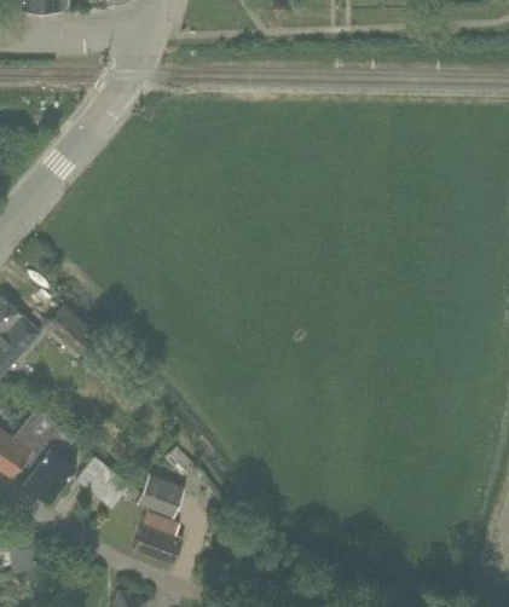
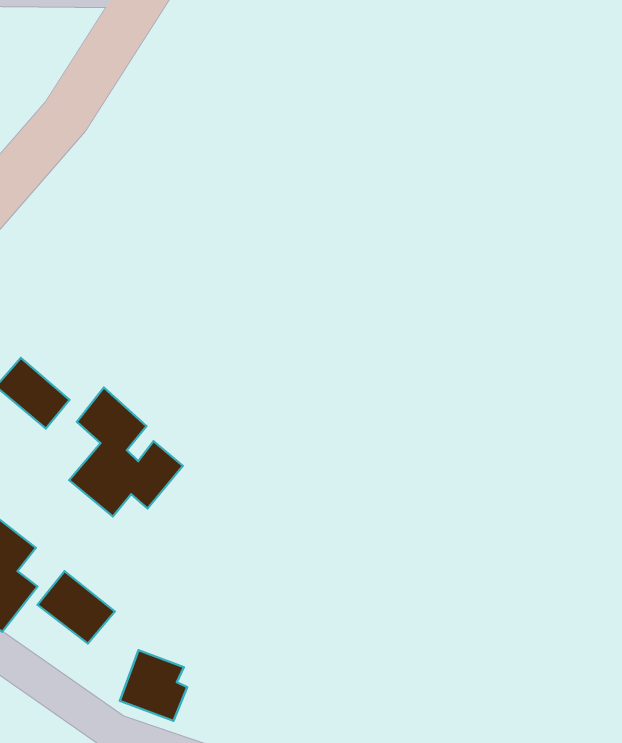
building: none -> [69,388,183,516]
building: [138,473,185,516] -> none

